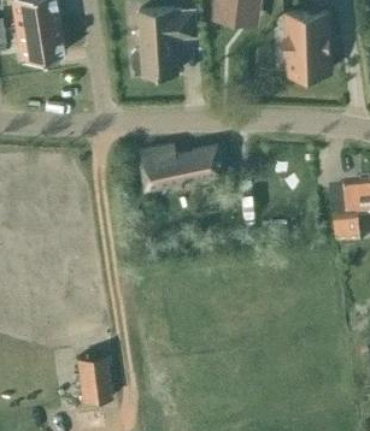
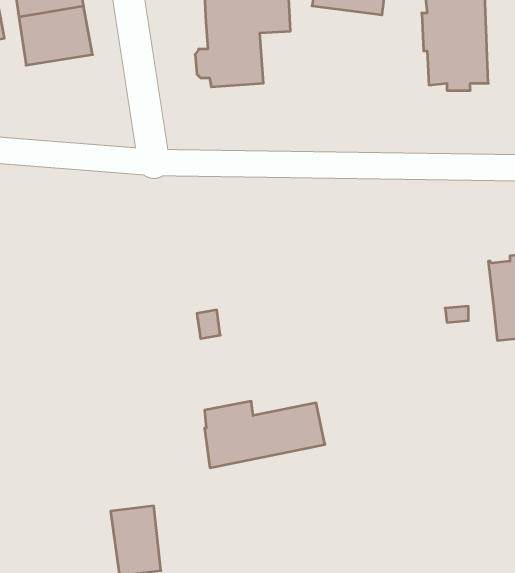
building: [142,144,223,189] -> [205,401,325,468]

